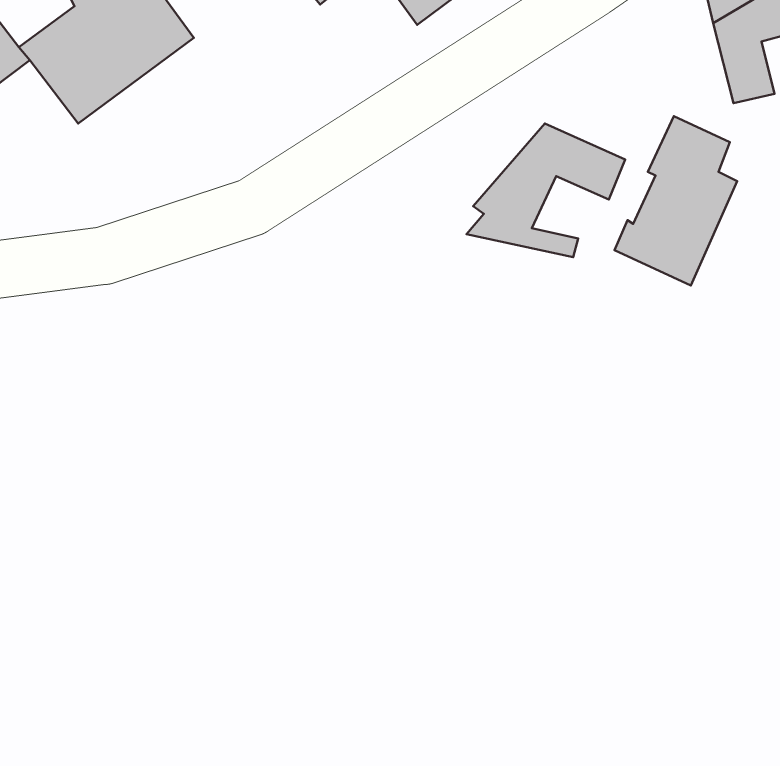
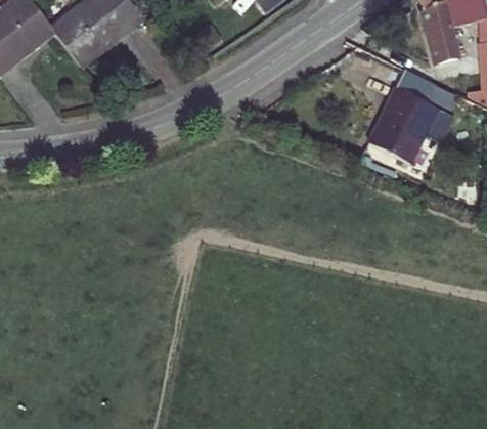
building: [467,124,625,257] -> none

